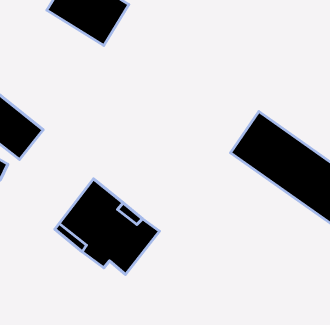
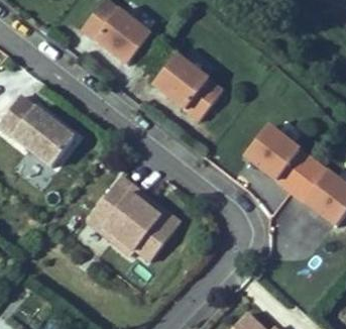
building: none -> [145,47,222,120]

